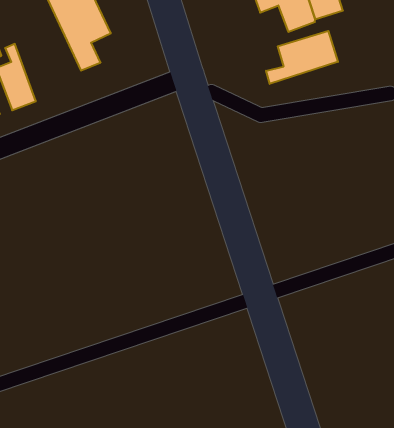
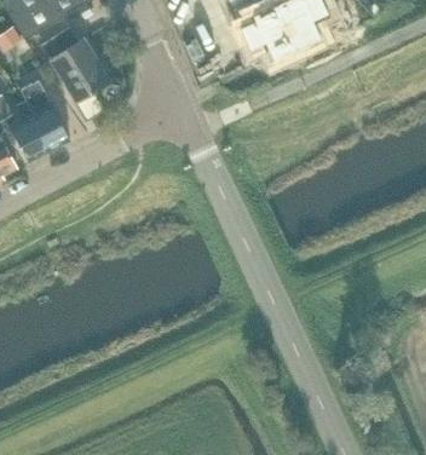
building: none -> [19,79,69,150]
building: [266,31,338,84] -> none

